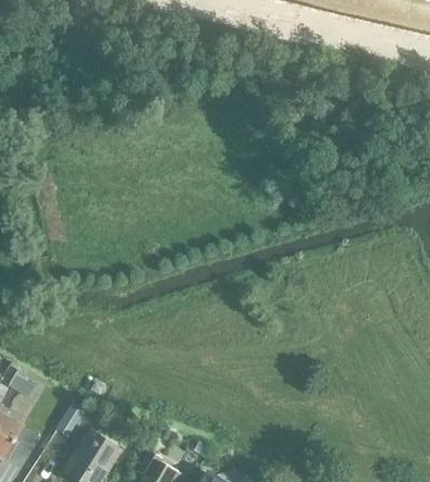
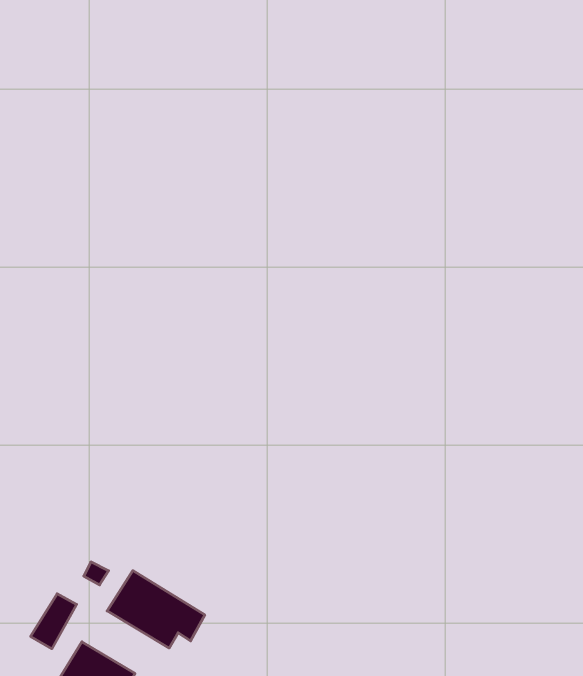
building: none -> [107,571,205,648]

